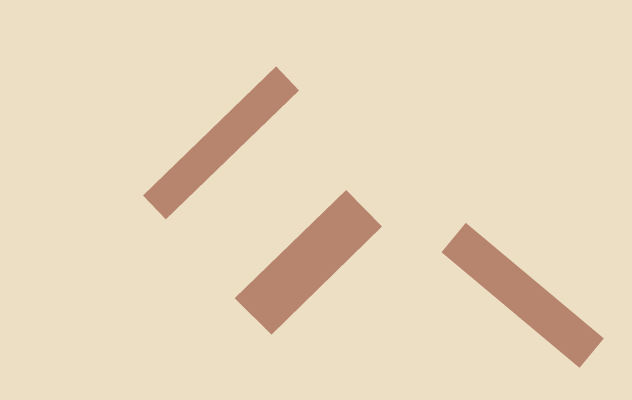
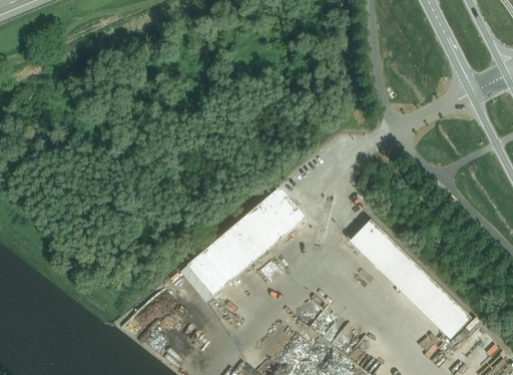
building: [142,66,300,220] -> none

